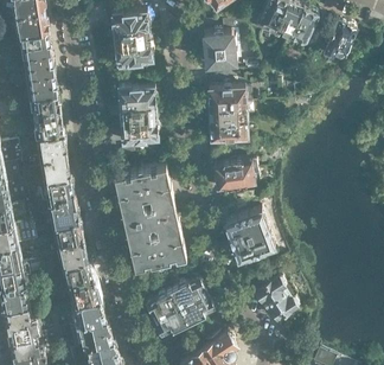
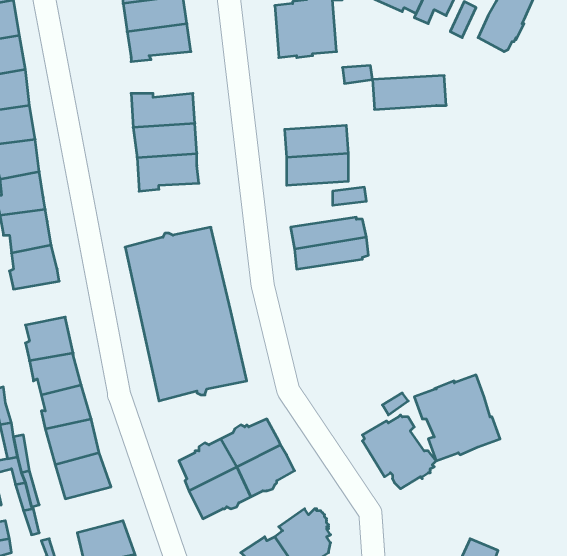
building: [207,88,251,108] -> [372,76,446,109]
building: [47,198,78,224] -> none
building: [224,210,275,261] -> [414,375,500,461]
building: [78,320,113,347] -> none

